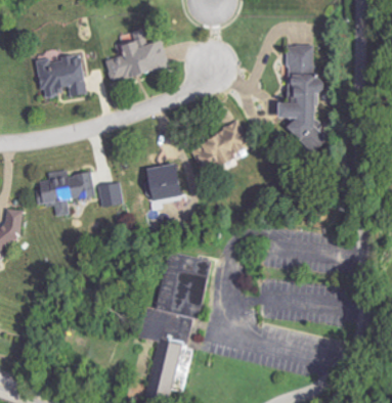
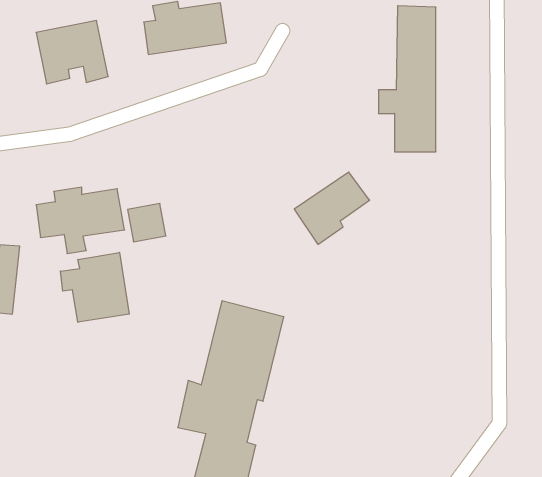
building: [201,119,253,169] -> [294,172,370,244]
building: [145,165,181,202] -> none
building: none -> [60,252,129,322]

